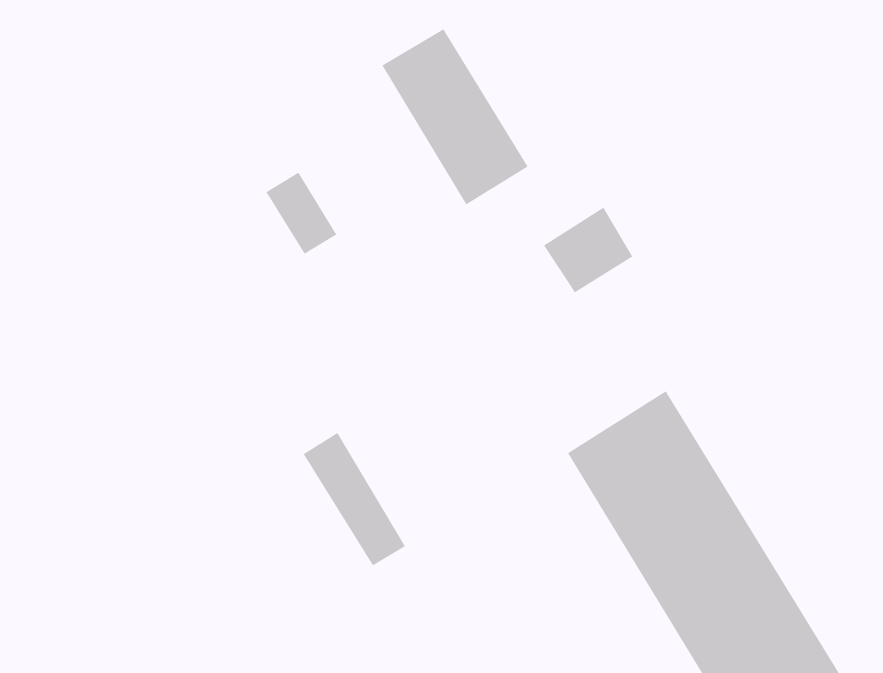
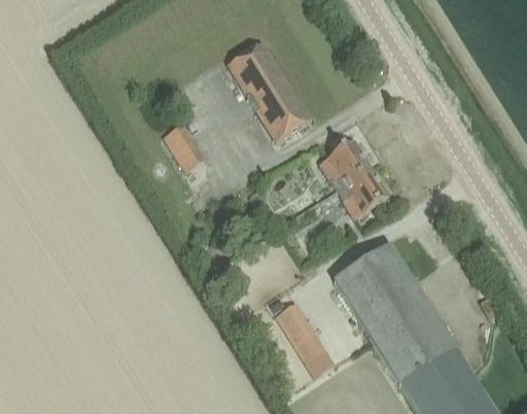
building: none -> [337,167,387,216]
building: [303,432,406,566] -> [274,300,331,375]

